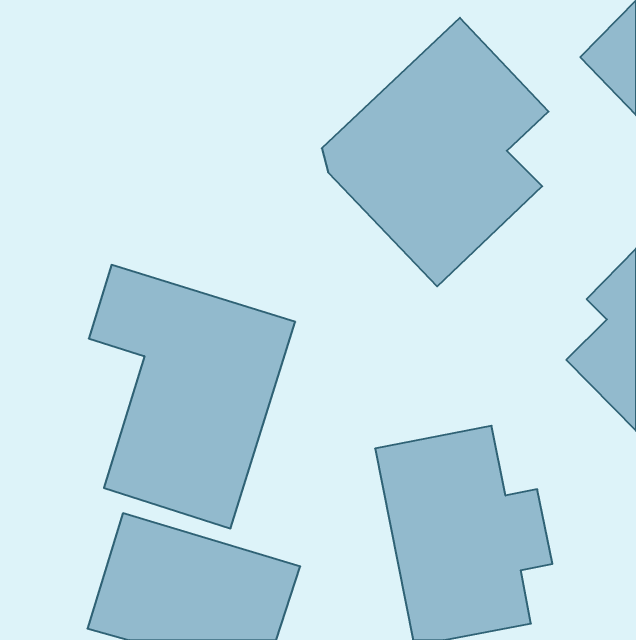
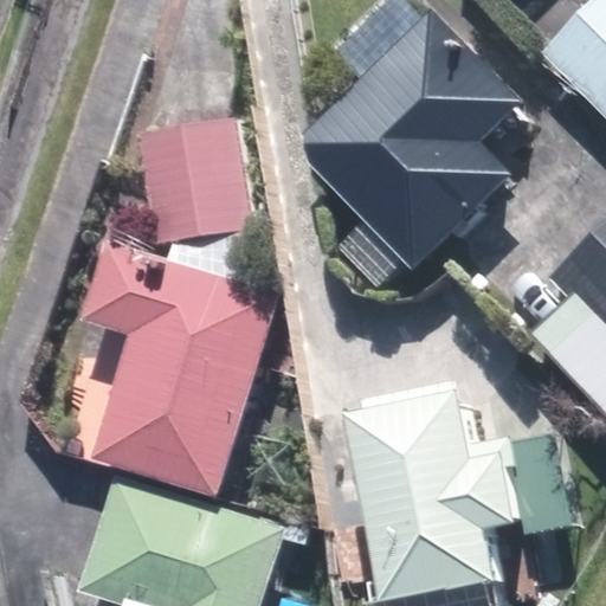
building: none -> [141,122,245,240]

